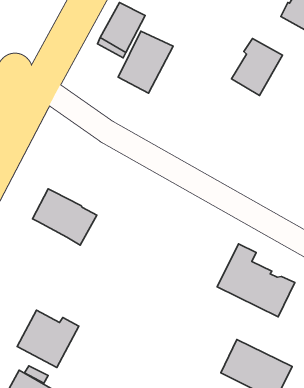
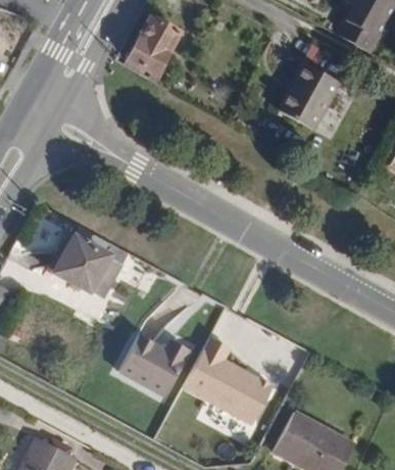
building: [118,31,173,93] -> none
building: [217,244,295,317] -> [182,339,271,424]
building: [17,310,79,368] -> [119,332,191,398]

